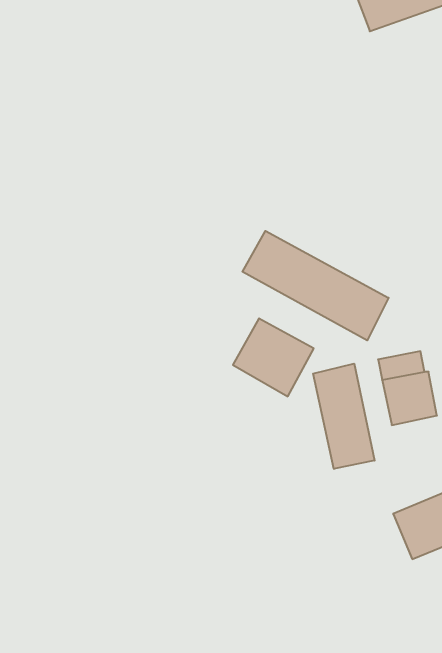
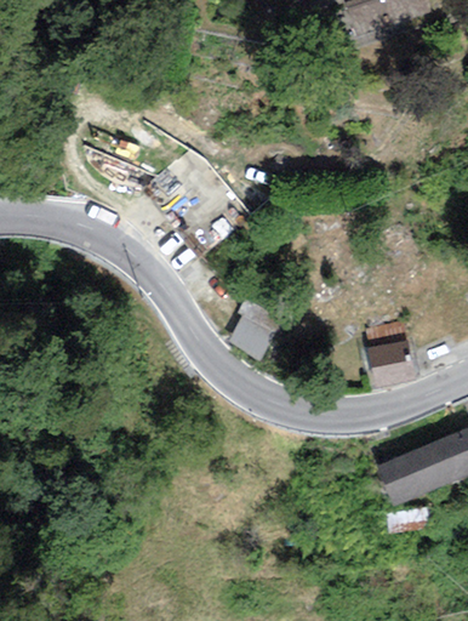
building: [242,231,389,340] -> none
building: [313,364,375,469] -> none

